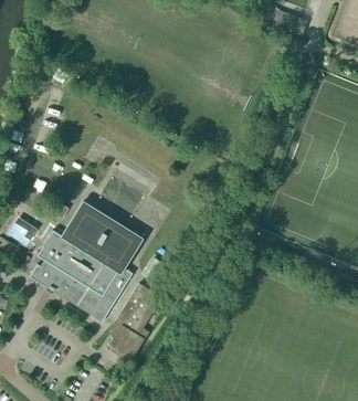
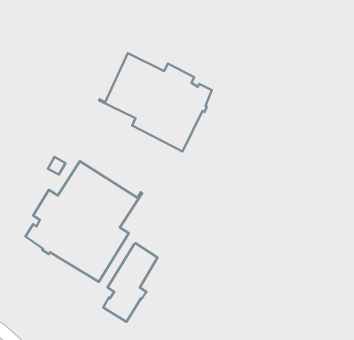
building: none -> [99,53,212,151]

